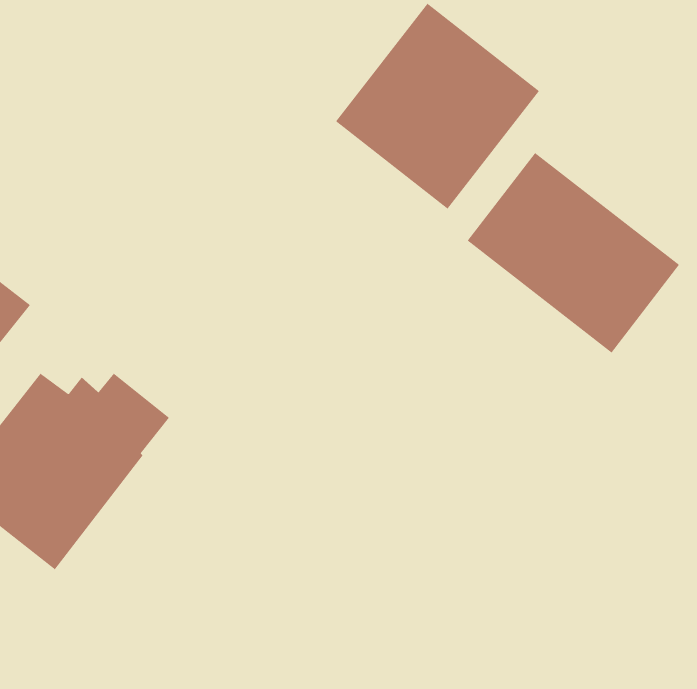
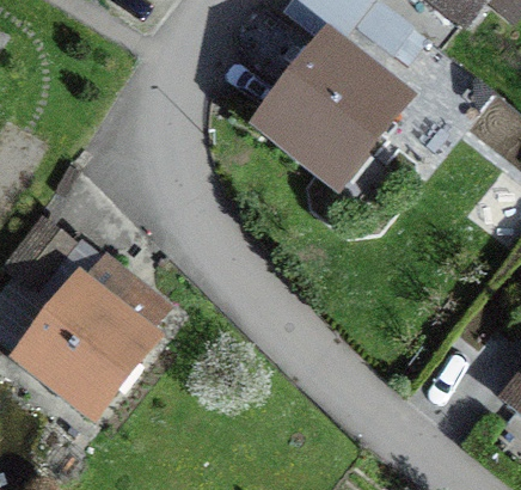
building: [467,152,680,353] -> none

